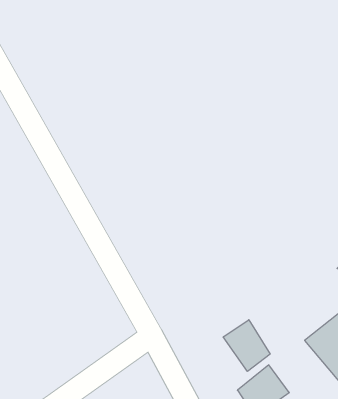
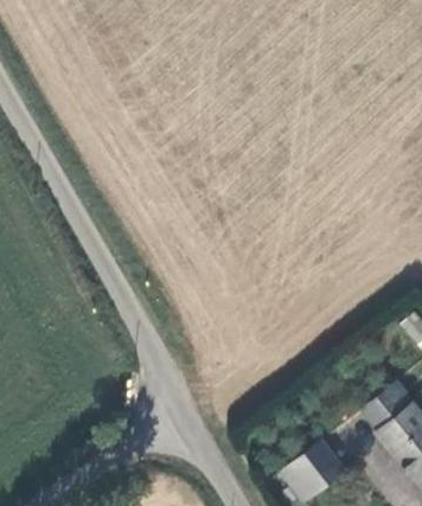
building: [223,320,270,371] -> none

